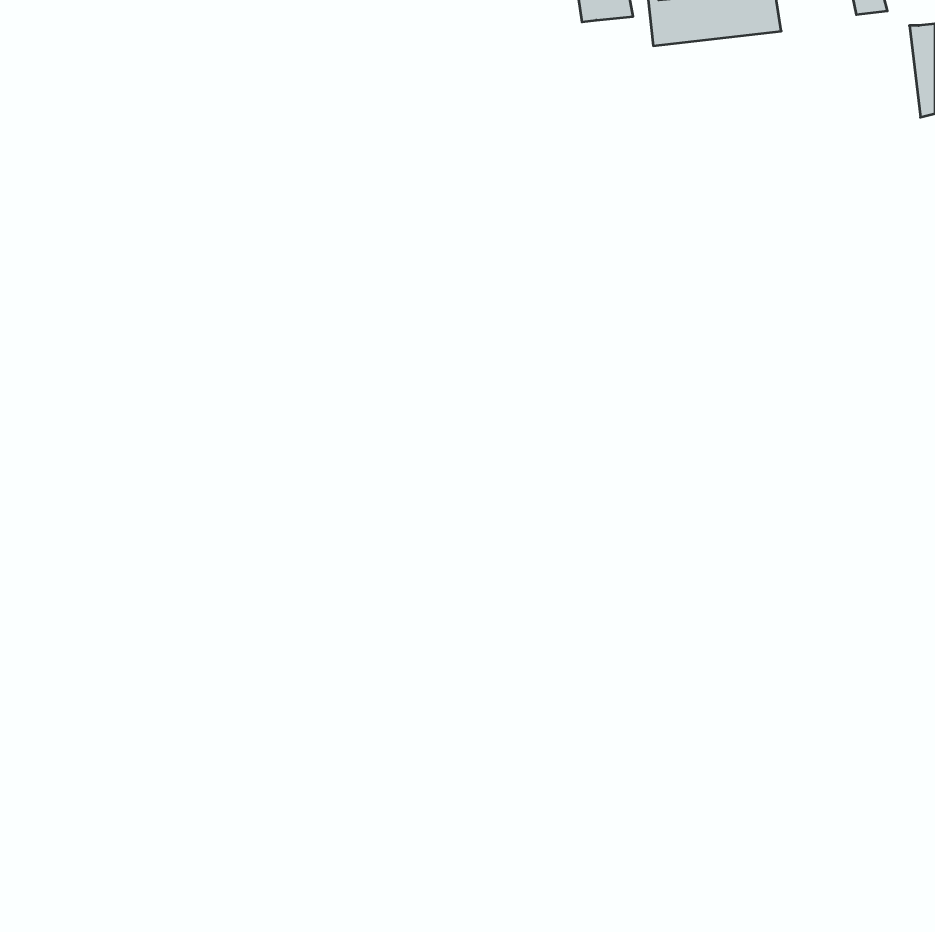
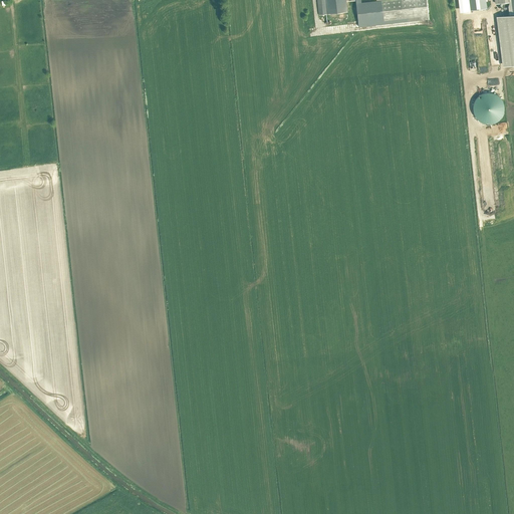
building: none -> [470,94,495,123]

